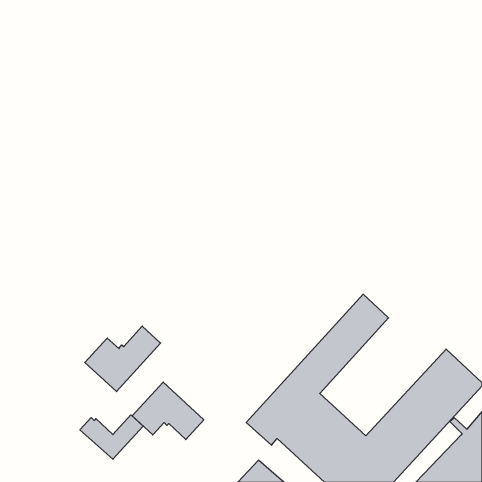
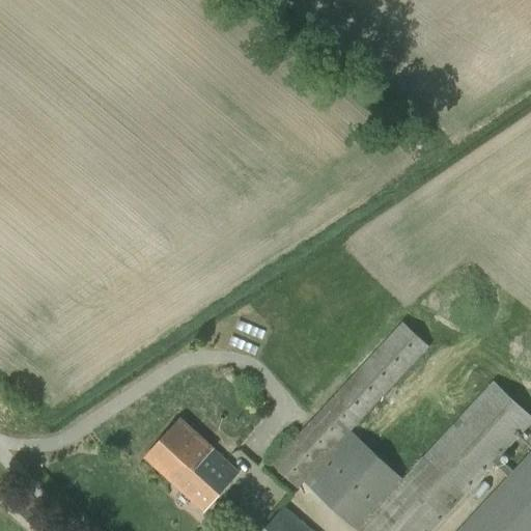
building: [85,326,161,392] -> none
building: [80,415,143,459] -> [168,462,237,510]

